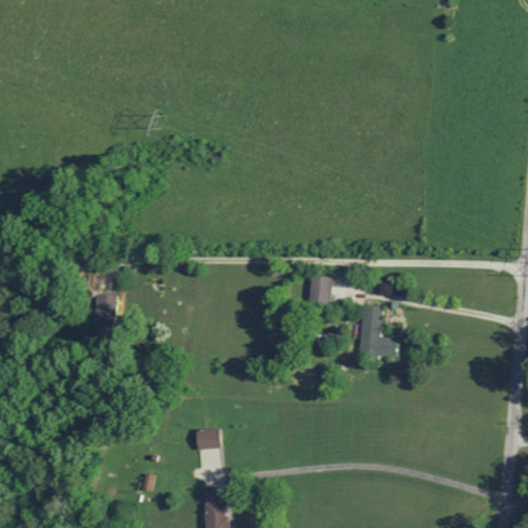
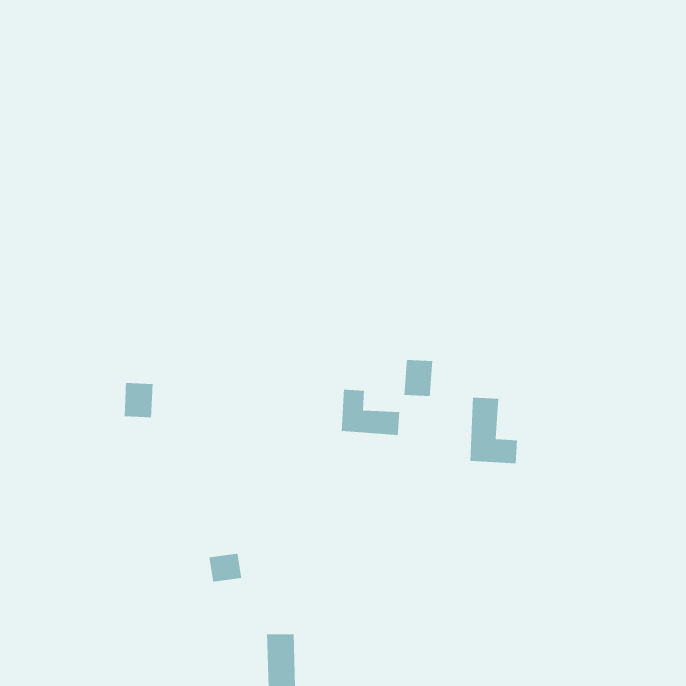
building: none -> [341,389,400,436]
building: [196,428,222,451] -> [209,553,242,582]

